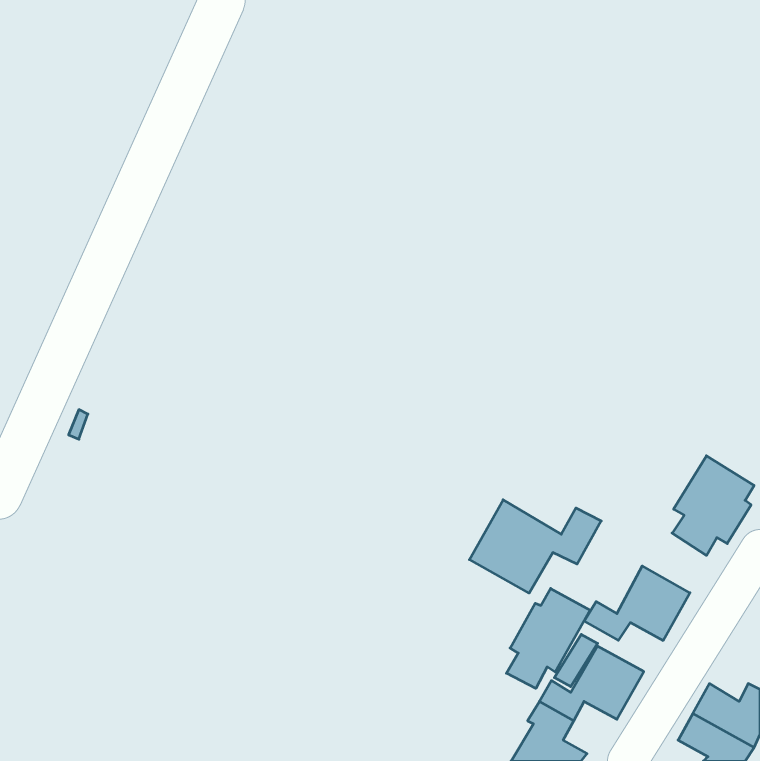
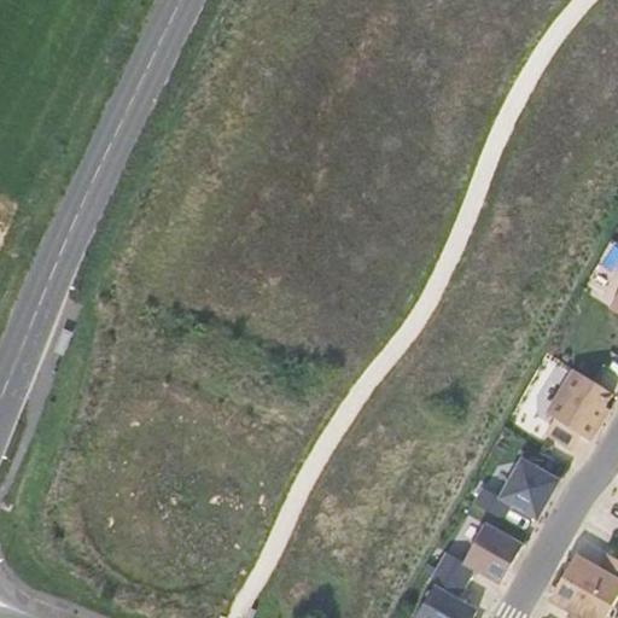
building: [469,500,601,593] -> none
building: [506,588,590,688] -> none

